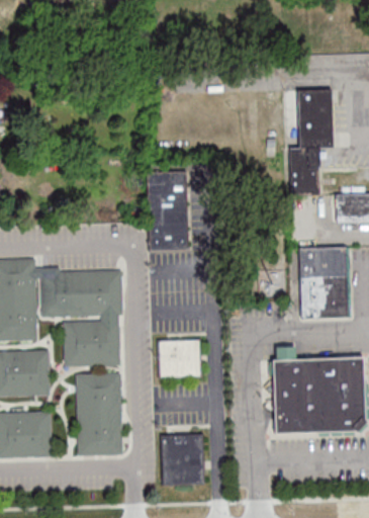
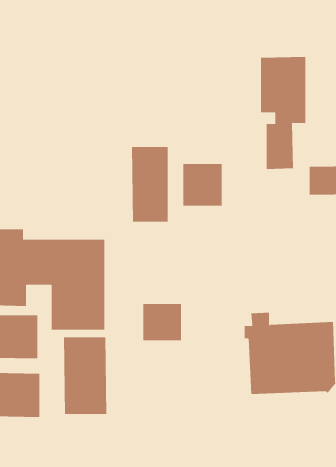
building: none -> [183,163,222,206]
building: [297,246,349,320] -> none
building: [162,433,204,485] -> none

